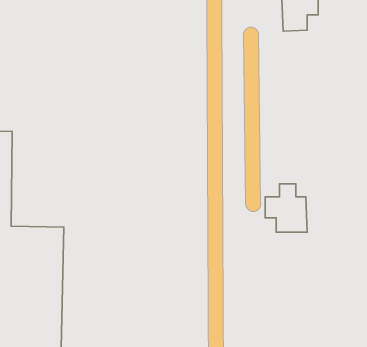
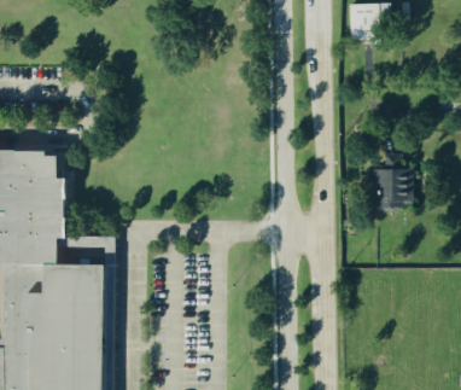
building: [265,184,307,232] -> [370,153,416,206]

